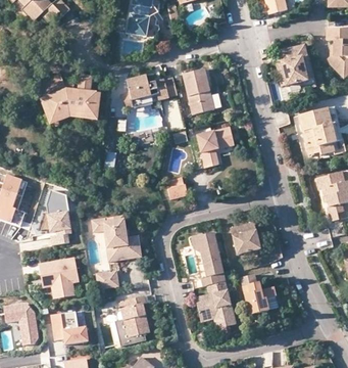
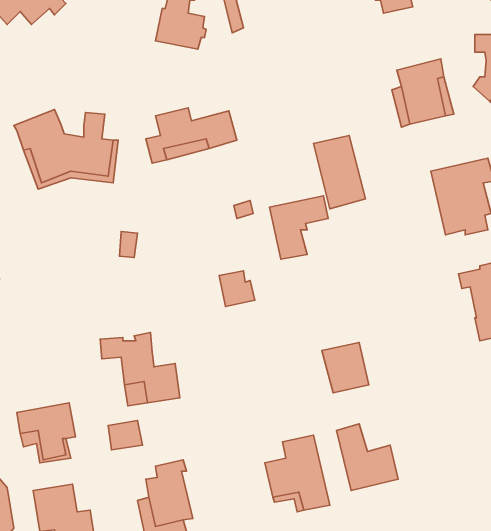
building: [183,70,215,116] -> [313,135,366,209]
building: [45,189,70,244] -> none
building: [191,231,225,284] -> none

